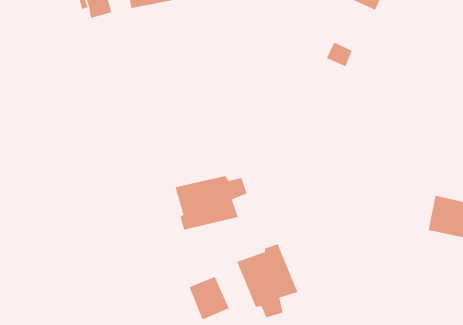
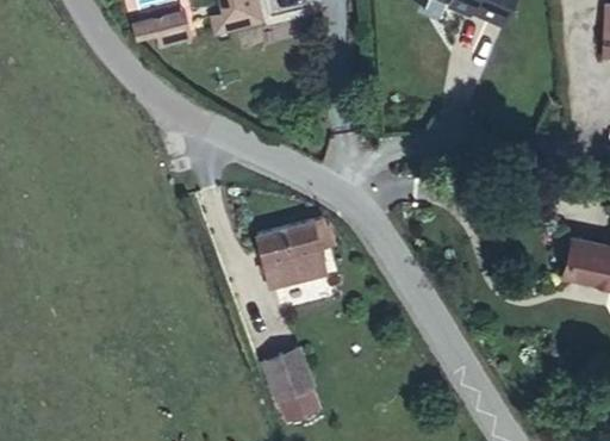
building: [236,243,299,318] -> none

